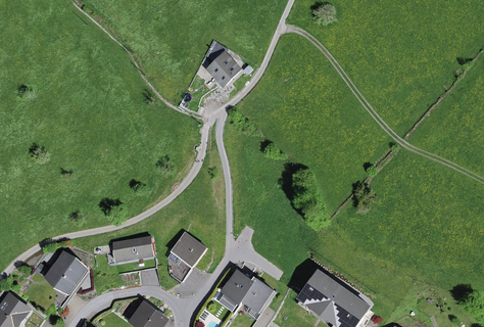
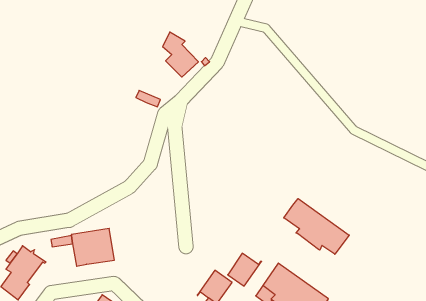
building: none -> [284,199,349,254]
building: [166,231,206,281] -> none
building: [223,269,256,301] -> [228,253,262,286]

